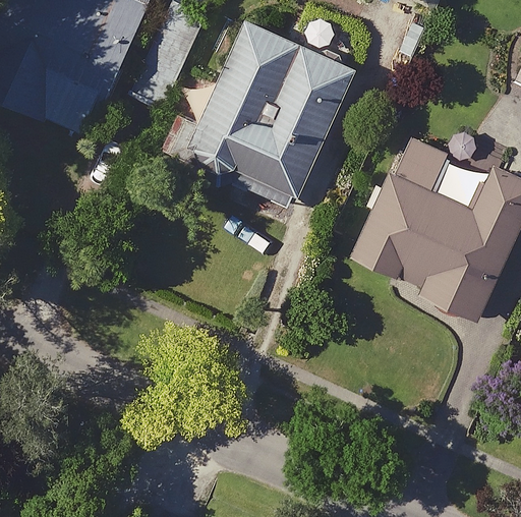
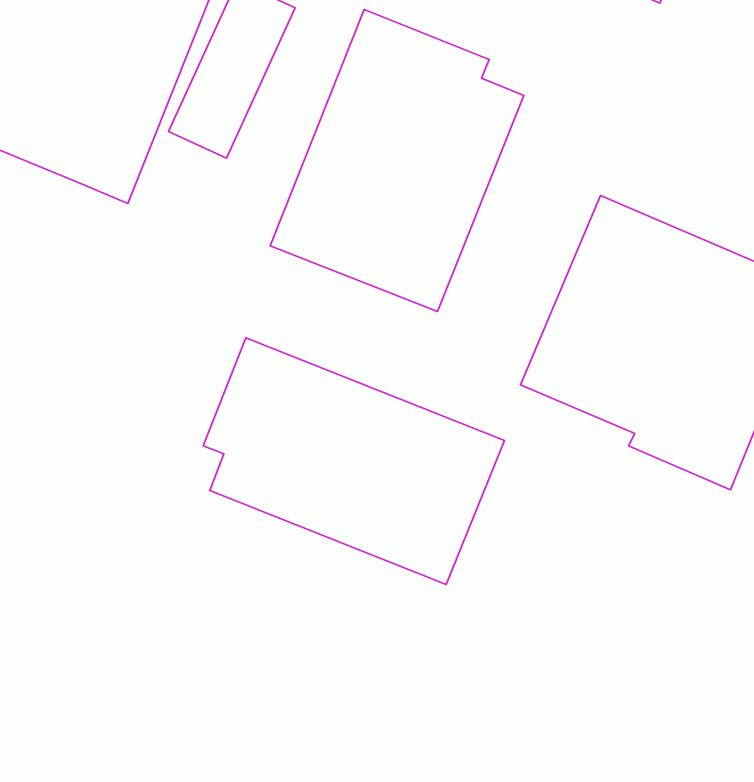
building: none -> [203,338,504,584]

